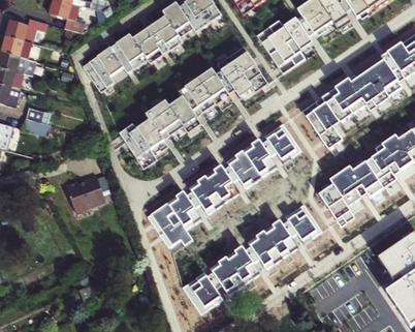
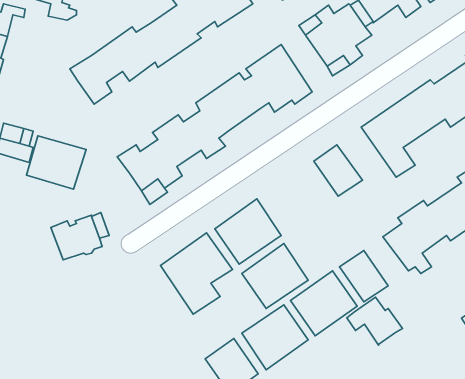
building: none -> [26,136,86,189]
building: [227,139,278,188] -> [242,244,308,309]
building: none -> [347,297,403,345]

